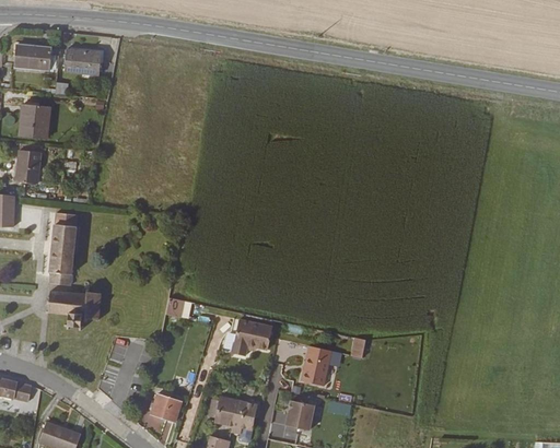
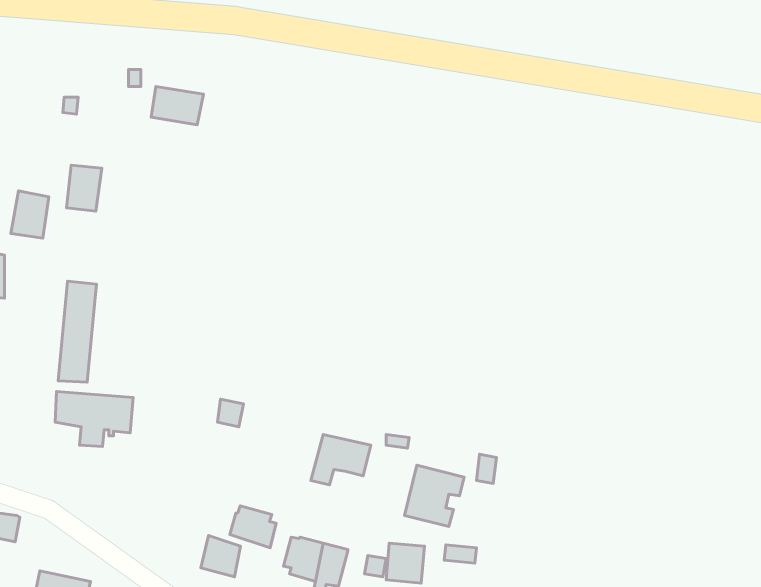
building: [21,44,50,70] -> none
building: [63,47,101,74] -> [151,86,203,125]
building: [20,97,45,130] -> [67,165,102,211]
building: none -> [230,506,276,548]

